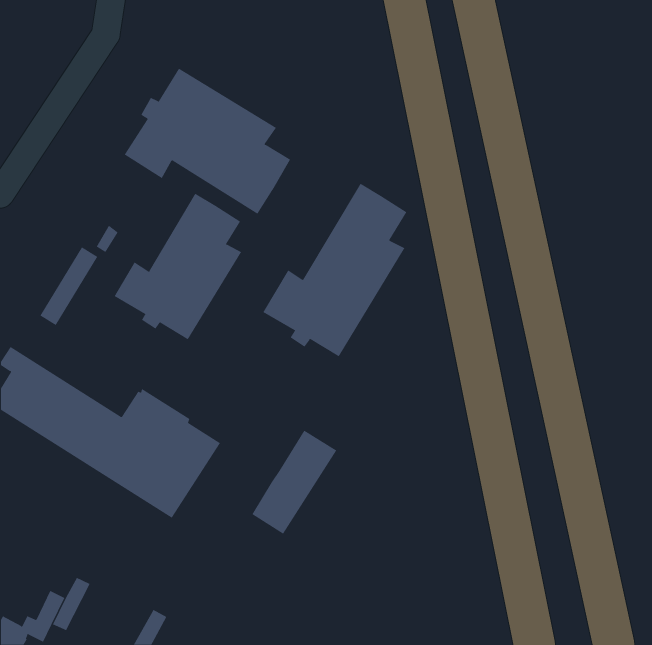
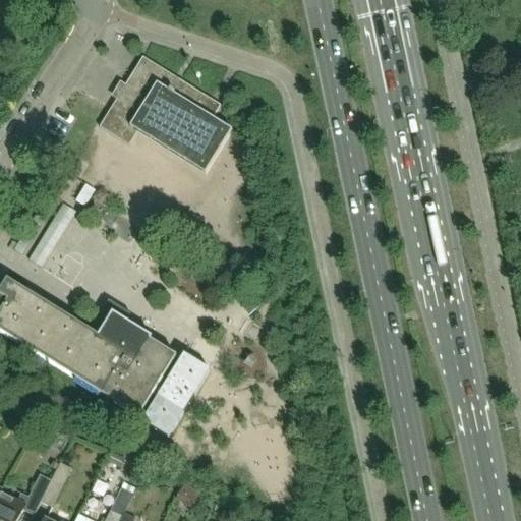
building: [263,183,407,357] -> none
building: [114,193,242,340] -> none
building: [252,430,337,535] -> [141,351,210,435]

